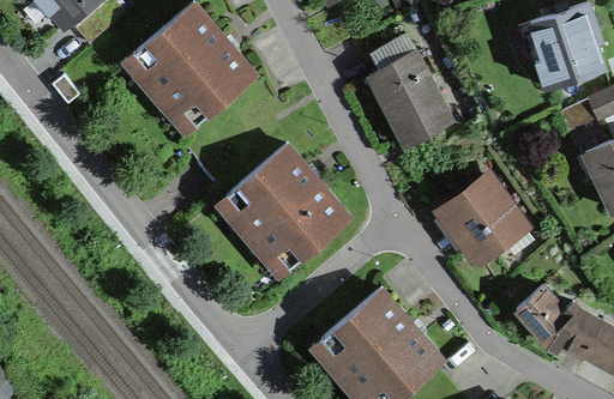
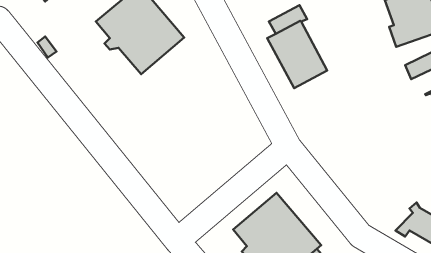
building: [227,146,348,268] -> none
building: [444,179,523,259] -> none
building: [516,286,568,341] -> none

